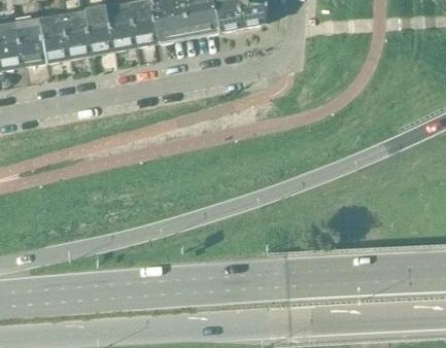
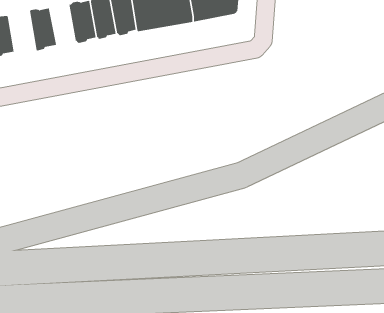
building: [63,9,91,56] -> none
building: [19,16,48,63] -> none

